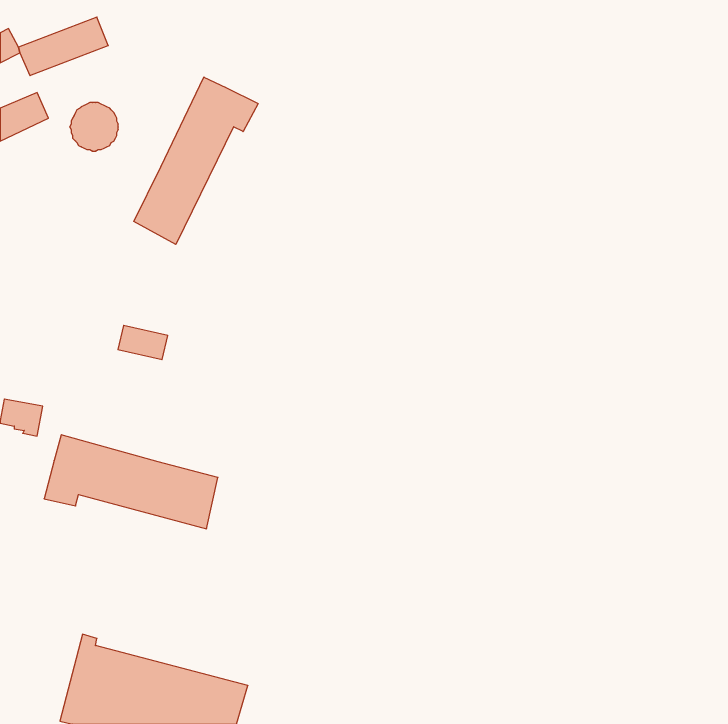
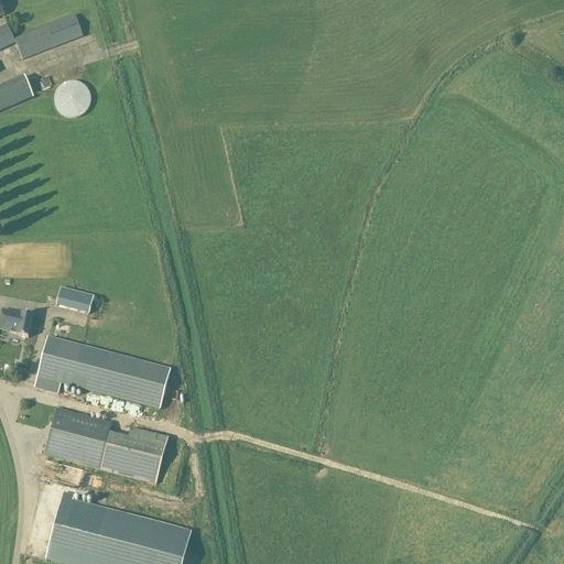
building: [134,77,258,244] -> none
building: [118,325,168,360] -> [57,285,96,312]
building: none -> [45,409,167,482]

